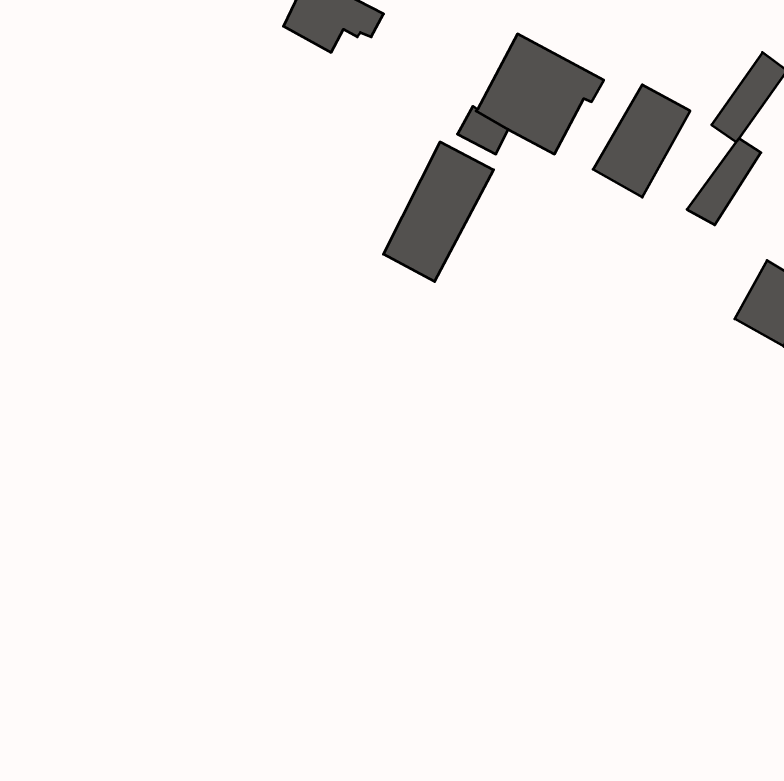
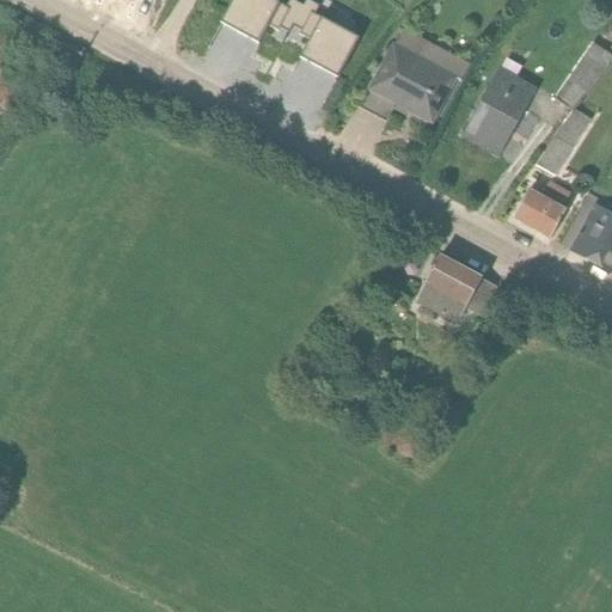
building: none -> [300,10,360,75]
building: [383,142,494,282] -> none
building: none -> [515,182,570,235]
building: none -> [415,253,497,323]

